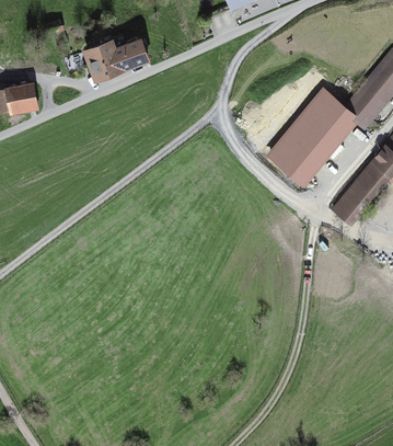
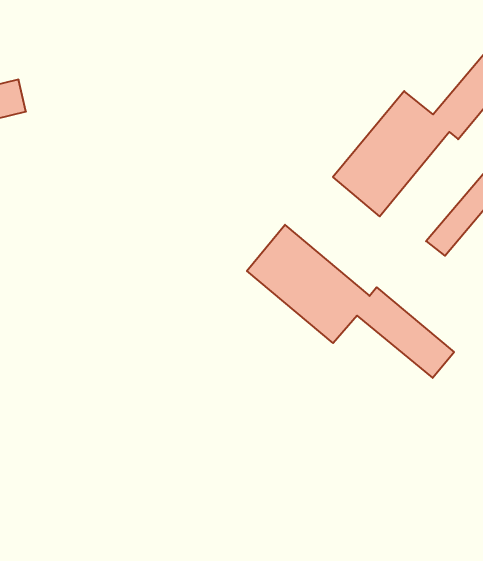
building: [85,38,146,77] -> none
building: none -> [247,225,454,378]

